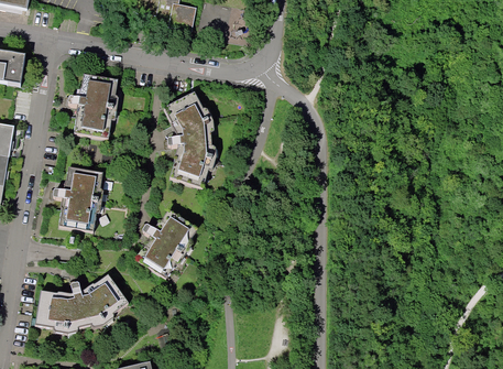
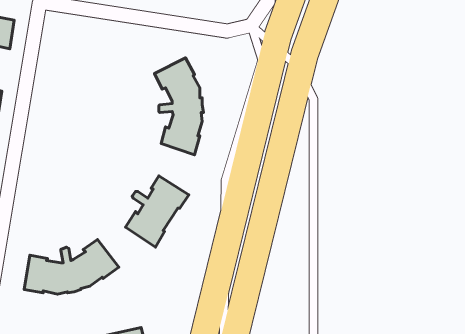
building: [67,75,117,140] -> none
building: [52,169,102,232] -> none

